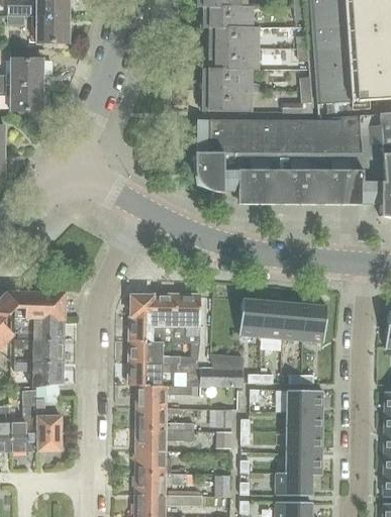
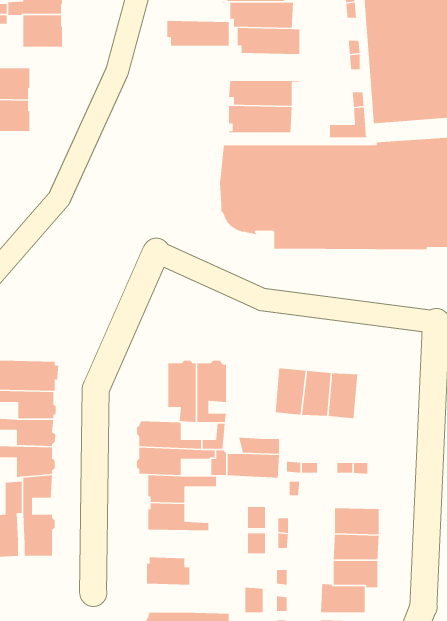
building: [202,47,259,69] -> [159,20,229,47]
building: [130,295,163,342] -> none
building: [302,304,326,342] -> none
building: [286,390,322,412] -> none
building: [135,429,194,451] -> none
building: [135,473,187,495] -> none

